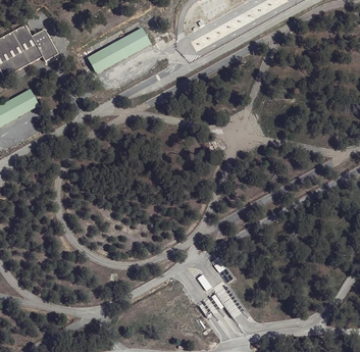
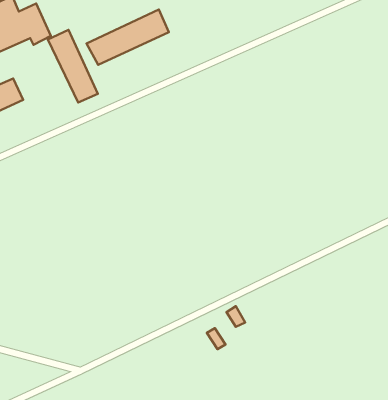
building: none -> [48,30,98,102]

